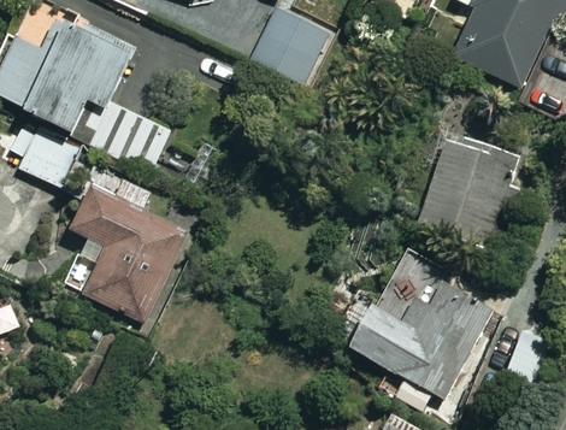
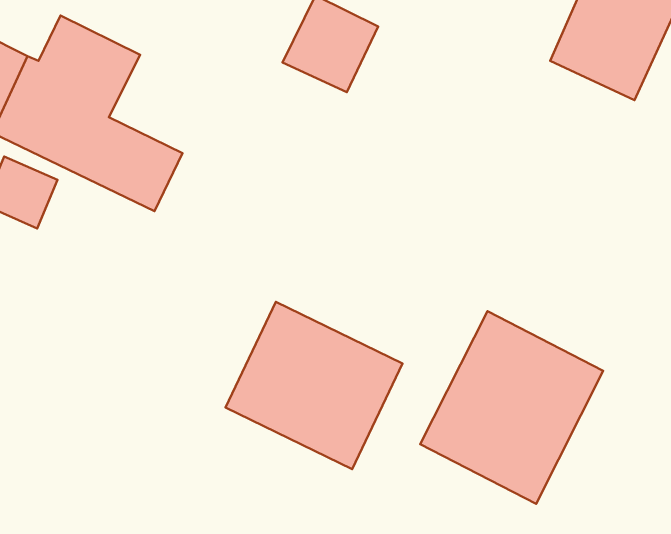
building: [418,132,517,249] -> none
building: [73,179,185,322] -> none
building: none -> [225,302,402,469]

